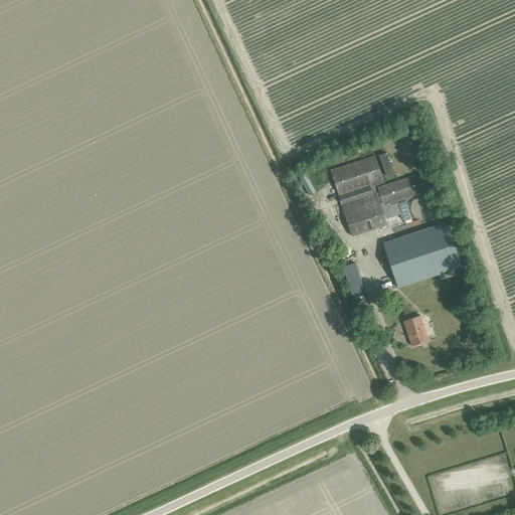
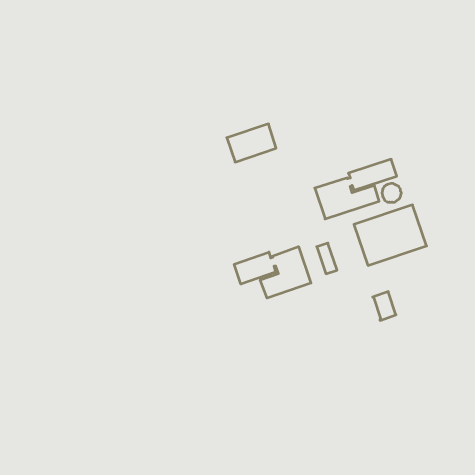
building: [329,155,382,196] -> [227,124,276,162]
building: none -> [234,247,311,298]

